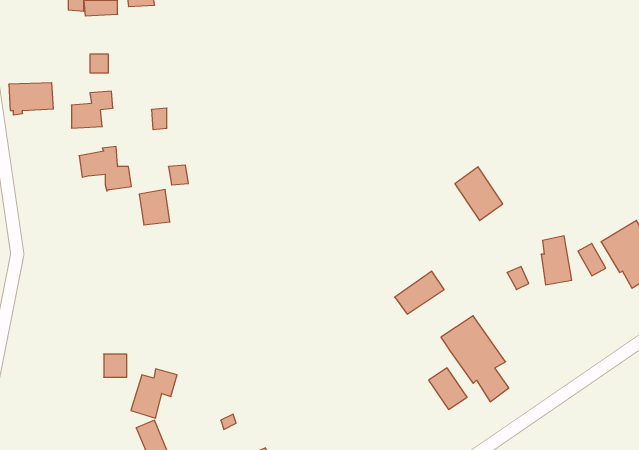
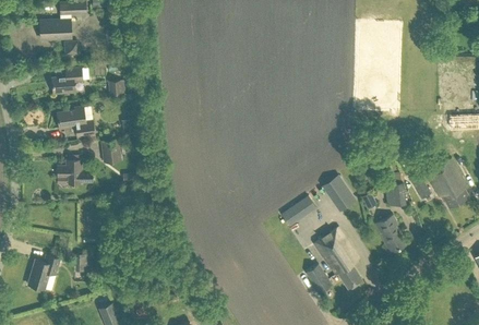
building: [9,83,53,115] -> [39,19,71,41]
building: [455,167,503,221] -> [321,171,355,209]
building: none -> [57,159,93,183]
building: none -> [375,214,405,252]
building: [131,369,177,418] -> [27,255,60,290]

